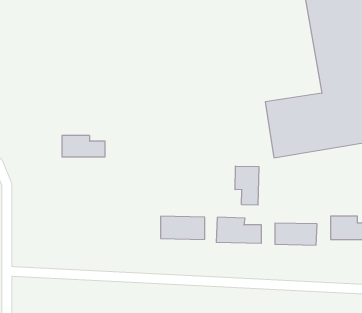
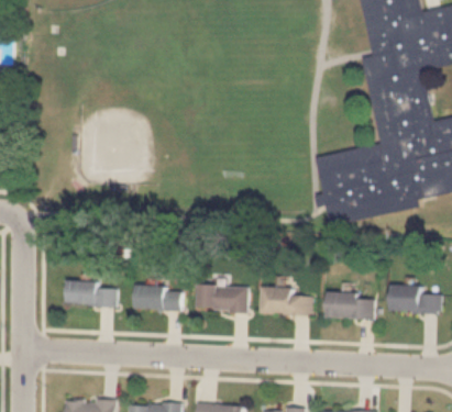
building: [62,136,105,157] -> [65,280,114,304]
building: [235,166,259,205] -> none
building: none -> [133,286,180,309]

